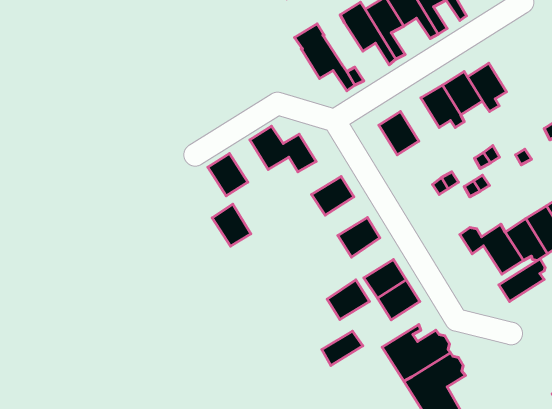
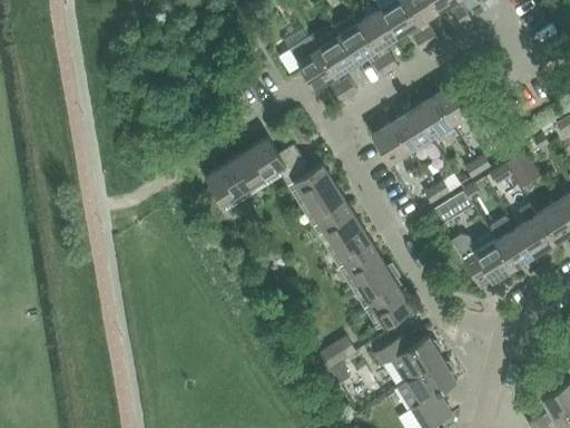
building: none -> [317,37,356,78]
building: [468,63,507,112] -> none
building: none -> [393,110,431,153]
building: none -> [293,165,335,205]
building: none -> [320,207,361,245]
building: [212,204,251,246] -> [226,152,264,193]
building: [499,259,545,301] -> none
building: [327,280,369,320] -> [345,247,386,286]

